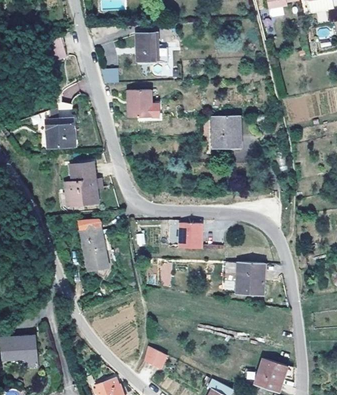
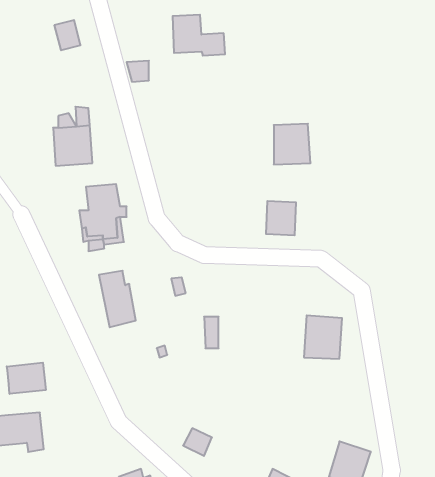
building: [127,89,152,117] -> none
building: [179,222,202,248] -> [266,201,296,235]
building: none -> [7,363,46,394]

